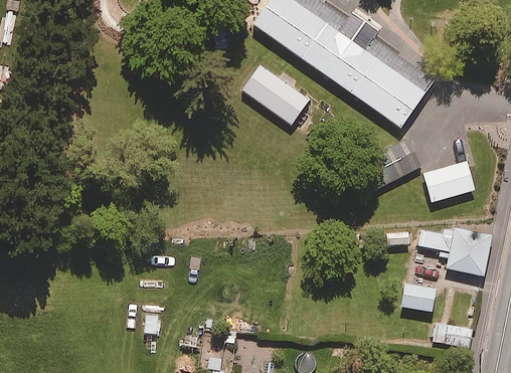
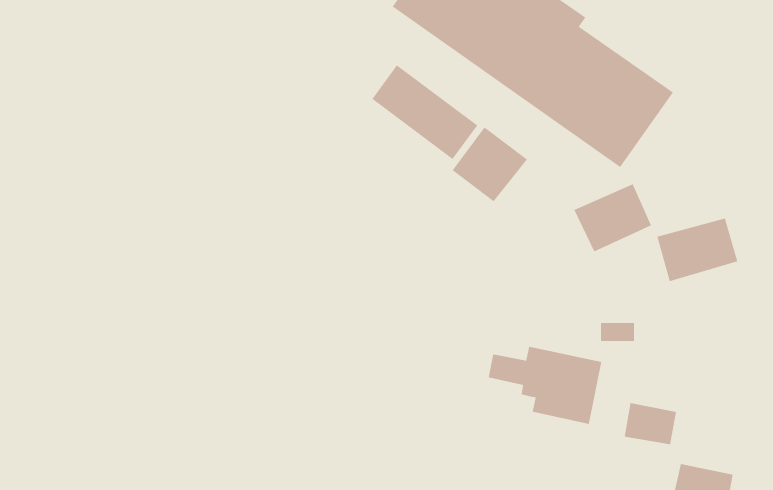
building: none -> [452,127,528,202]
building: [419,221,493,271] -> [488,346,602,424]

